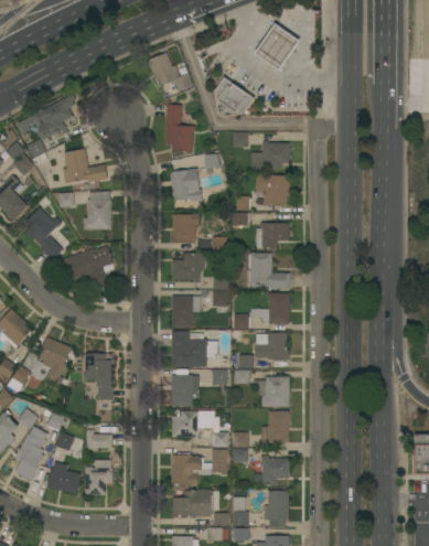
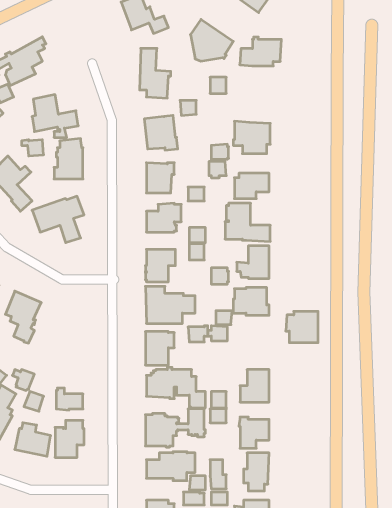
building: [250,141,290,169] -> [240,37,281,66]
building: [84,354,112,400] -> none
building: [258,377,289,407] -> [286,311,318,343]

